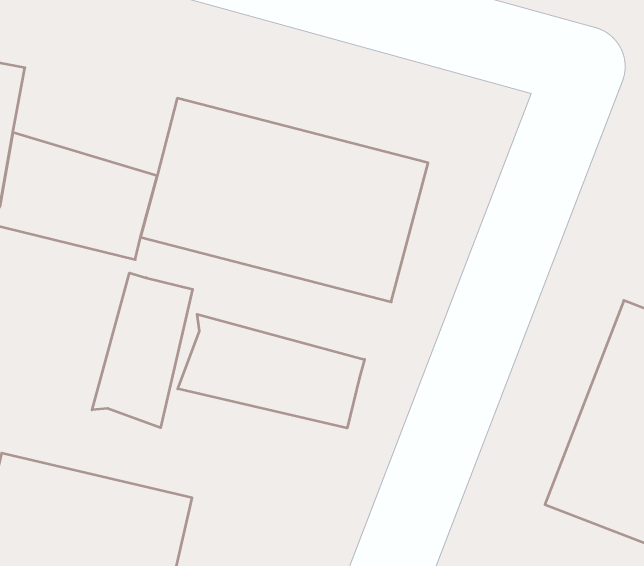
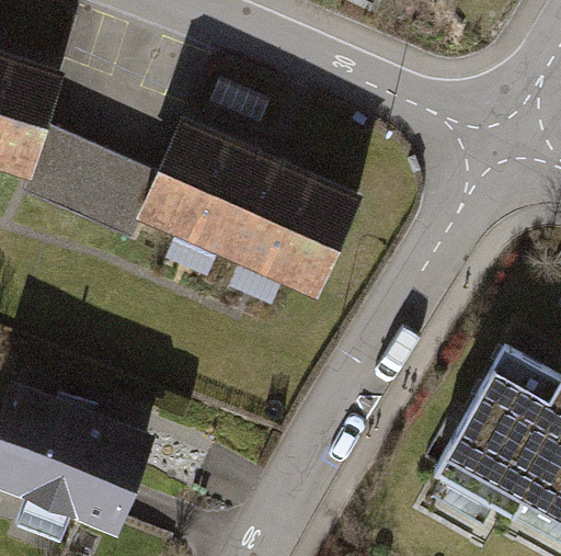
building: [92,273,193,428] -> none
building: [178,314,365,428] -> none

